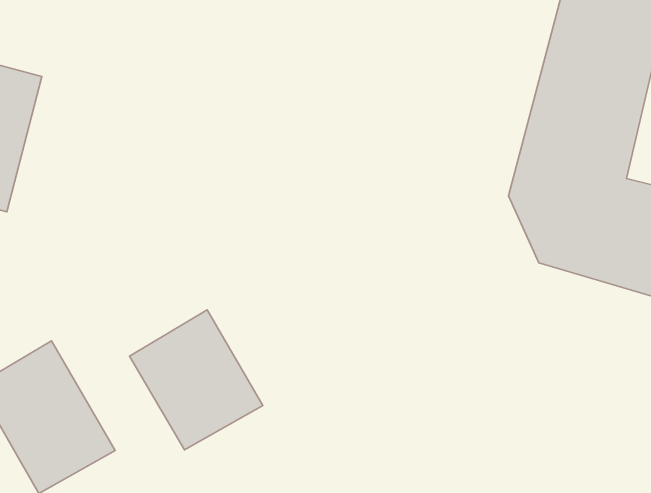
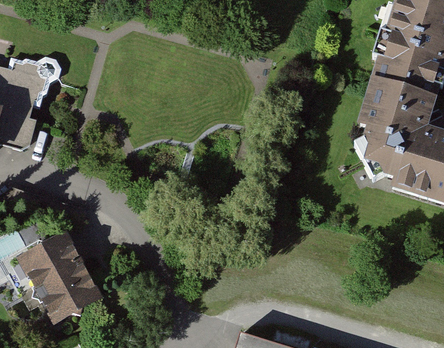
building: [130,310,263,450] -> none

